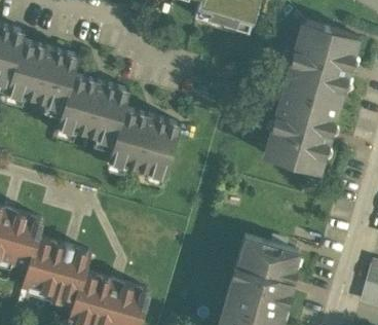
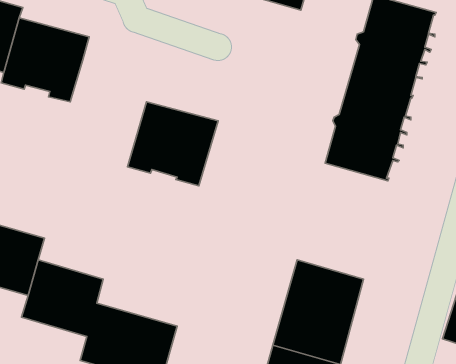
building: [56,76,128,145] -> none

